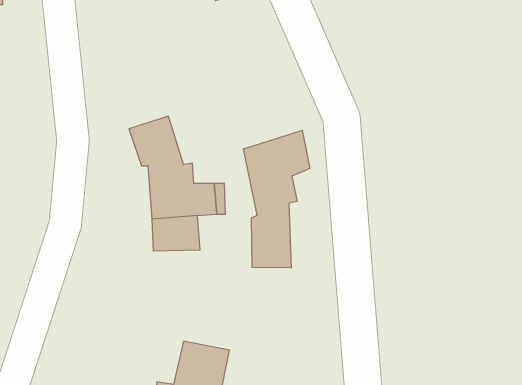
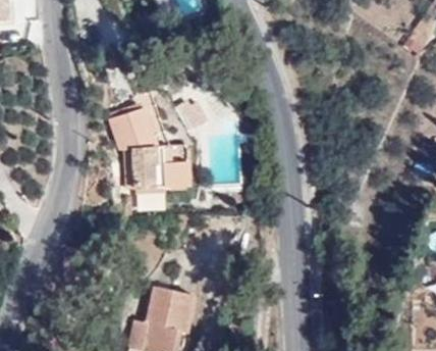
building: [243,130,310,268] -> none

